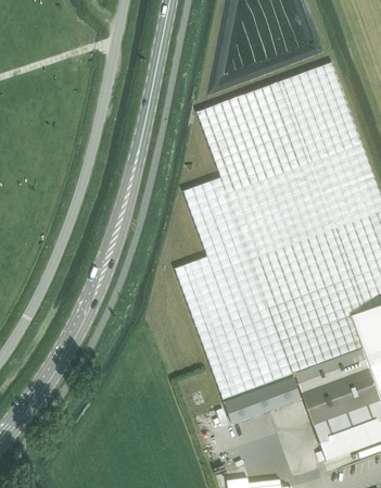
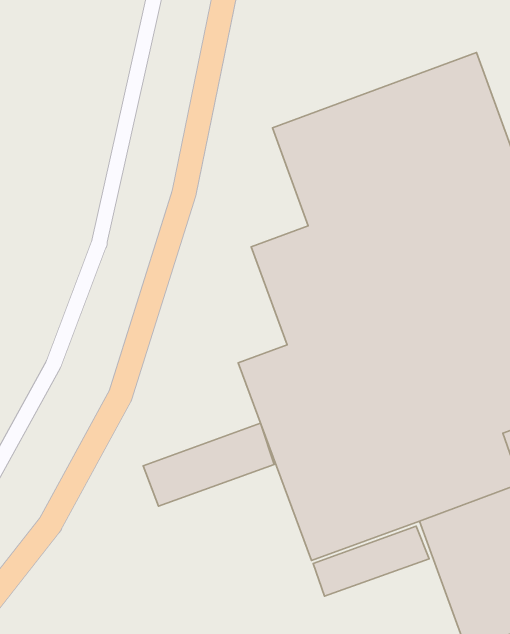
building: none -> [143,423,274,506]

